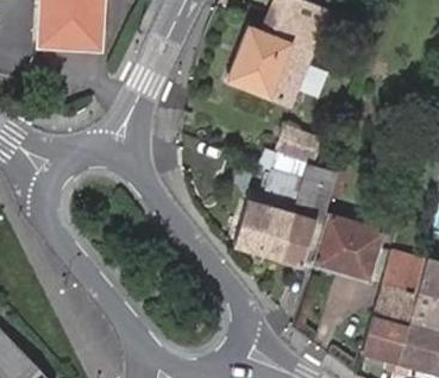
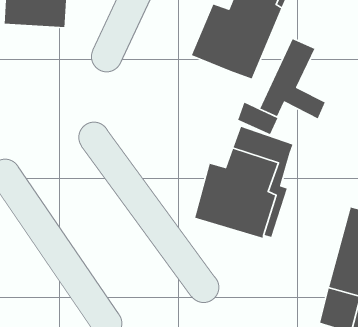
building: none -> [259,38,326,119]
building: [316,216,389,285] -> none

